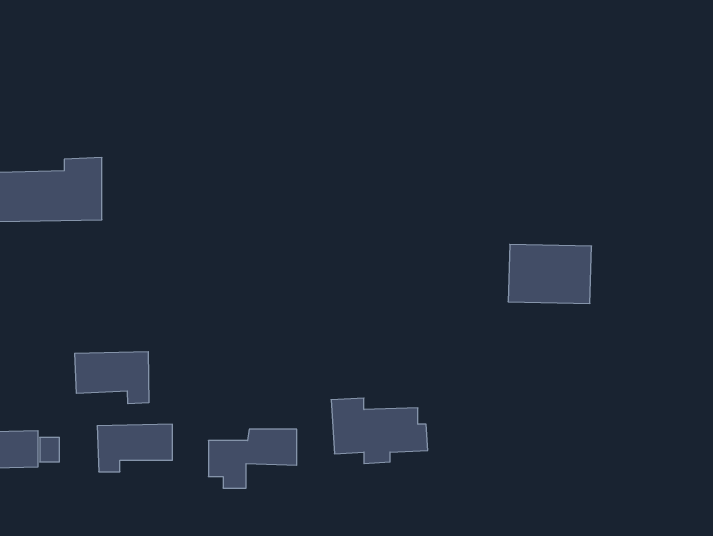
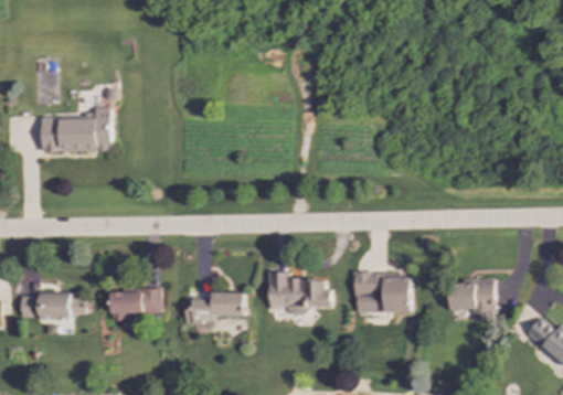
building: [508,244,592,303] -> [354,271,411,311]
building: [75,352,149,404] -> none
building: none -> [449,279,495,320]

